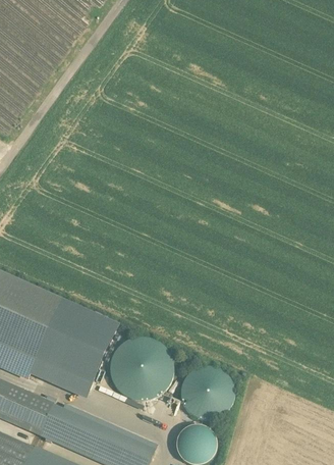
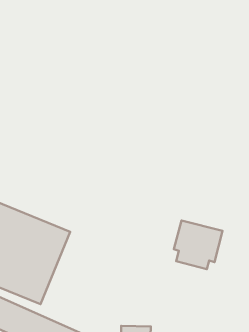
building: [105,332,173,401] -> none
building: [177,362,234,419] -> [174,221,222,269]

